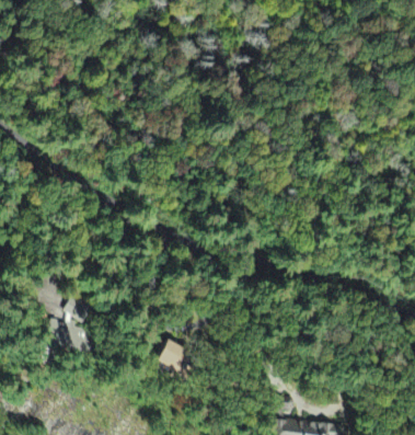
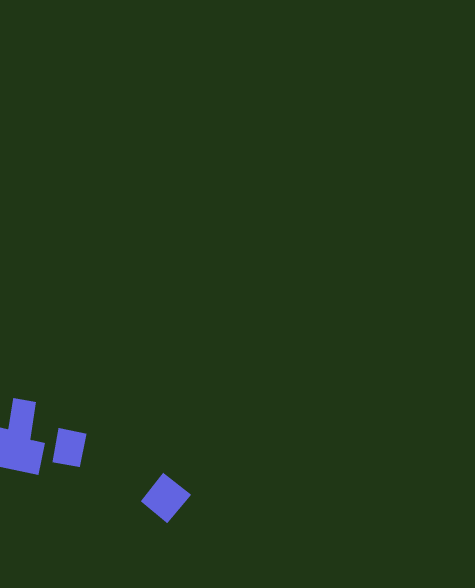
building: none -> [52,427,87,468]

